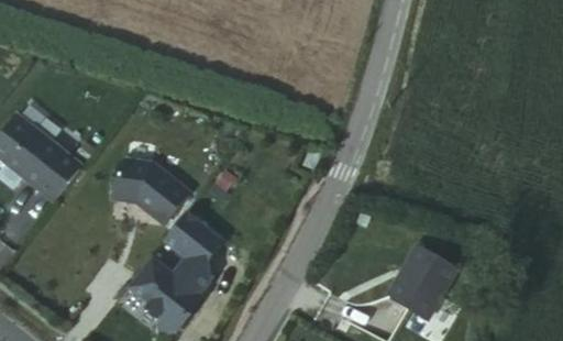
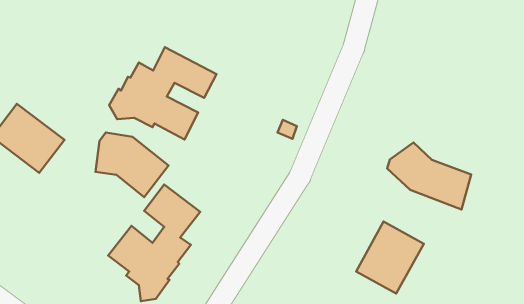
building: none -> [109,47,217,140]
building: none -> [387,143,471,209]

